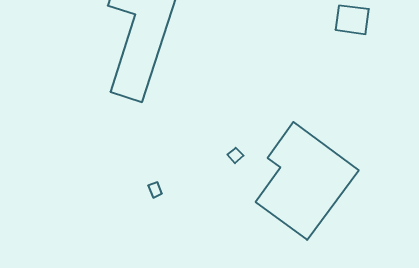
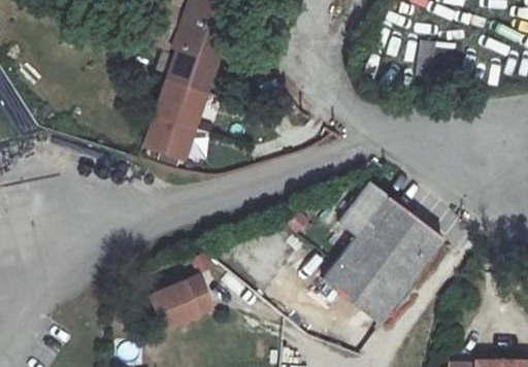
building: none -> [146,275,212,327]

